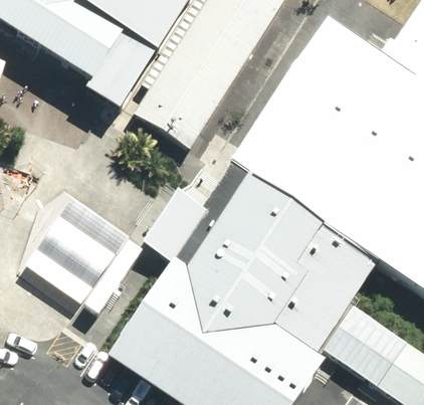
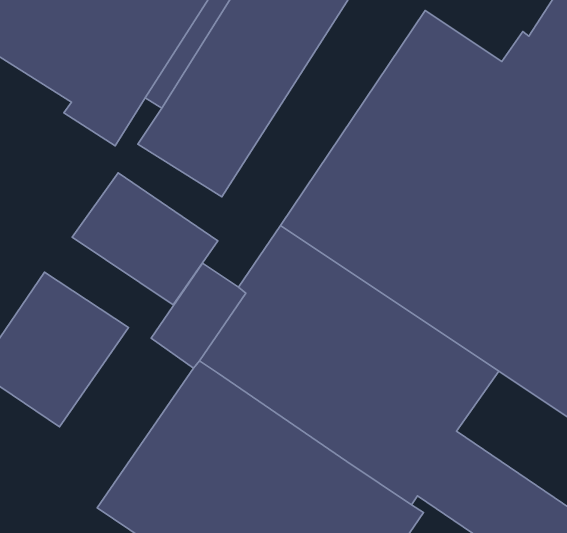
building: none -> [72,173,218,305]

